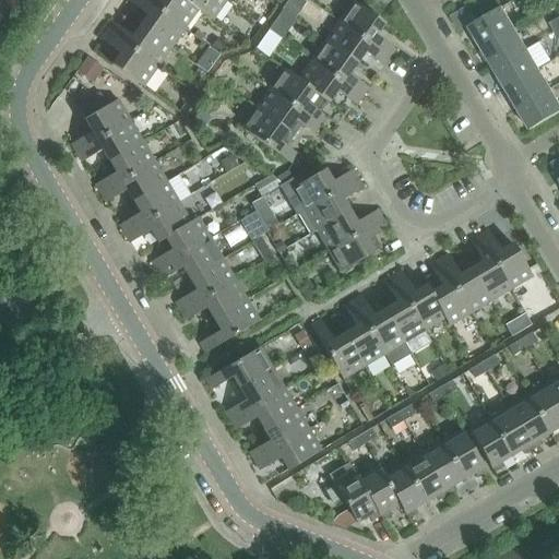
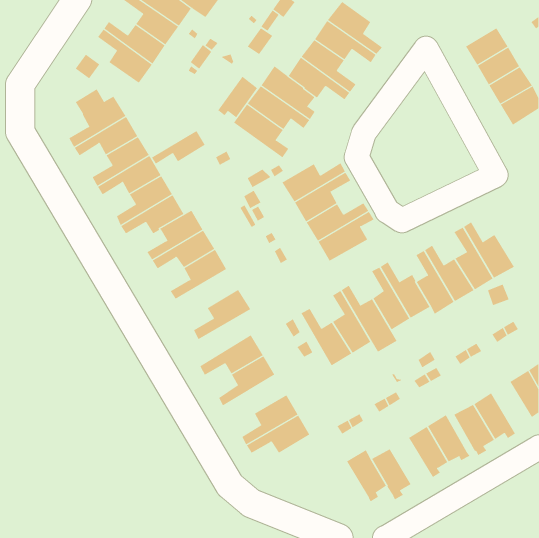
building: [461,5,514,48] -> none
building: none -> [217,76,258,118]
building: none -> [151,130,205,164]
building: [181,278,247,320] -> none
building: [230,388,297,429] -> none
building: [509,395,550,449] -> none
building: [404,453,448,501] -> none
building: [326,462,381,522] -> none

